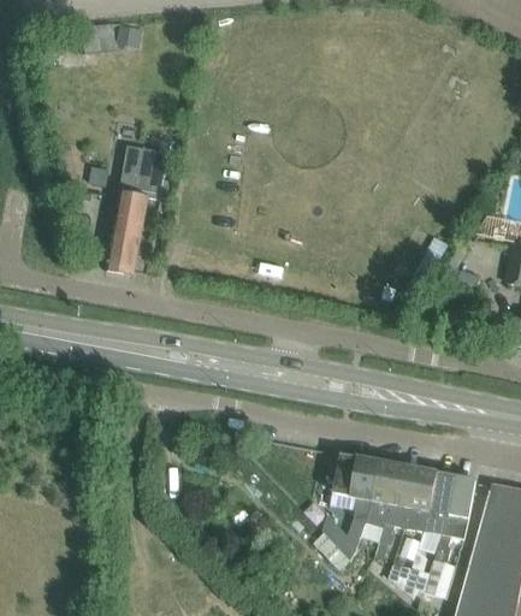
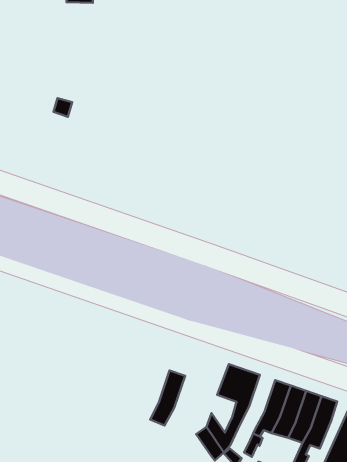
building: [105,144,168,273] -> none
building: [365,460,398,526] -> [150,371,185,426]

